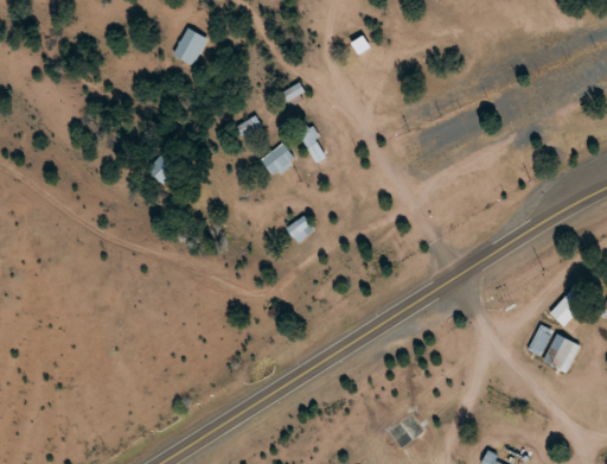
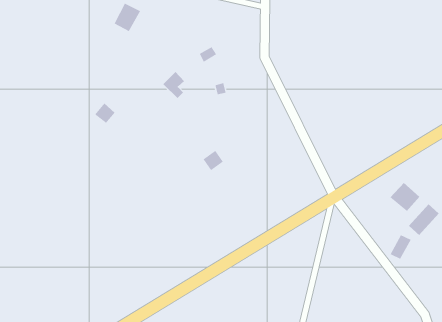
building: [260,142,295,177] -> none
building: none -> [390,182,420,212]
building: [541,332,580,373] -> none

